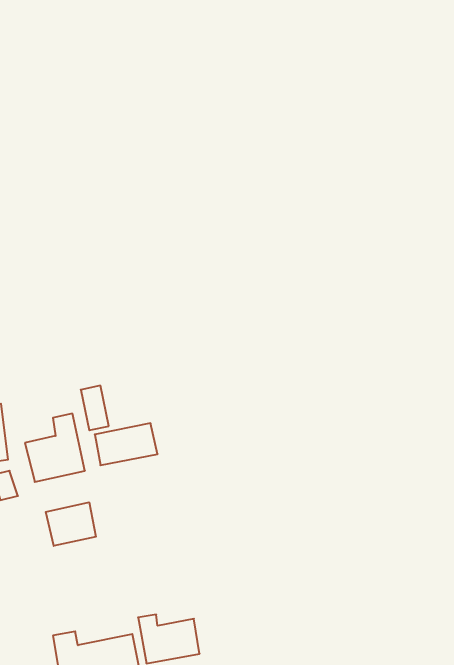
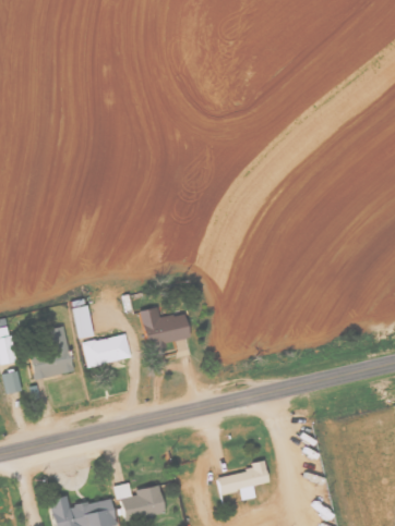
building: none -> [139,306,189,346]
building: [46,502,96,546] -> none
building: none -> [217,460,267,500]

